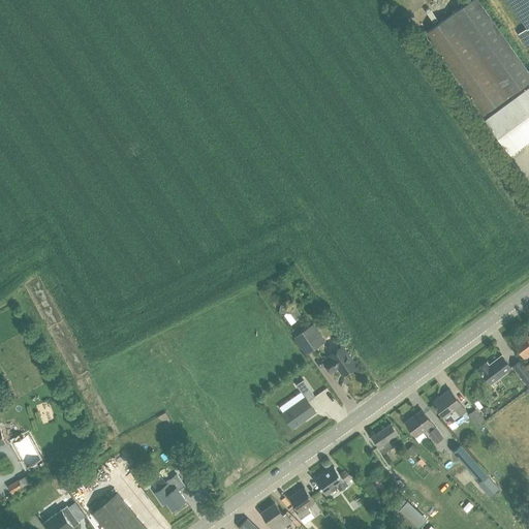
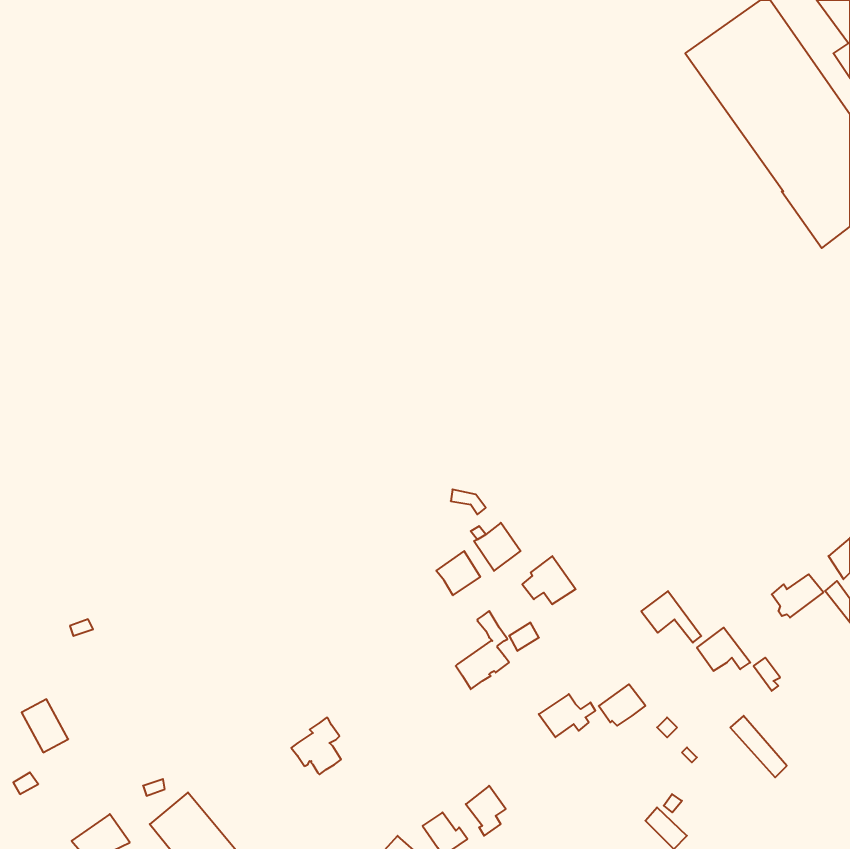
building: none -> [436,551,480,595]
building: [406,411,443,443] -> [641,591,701,643]
building: [316,468,351,495] -> [539,694,595,737]
building: [155,475,186,510] -> [291,718,341,774]

